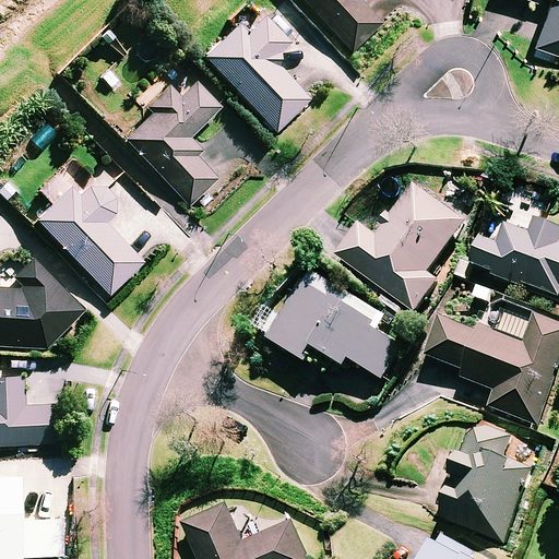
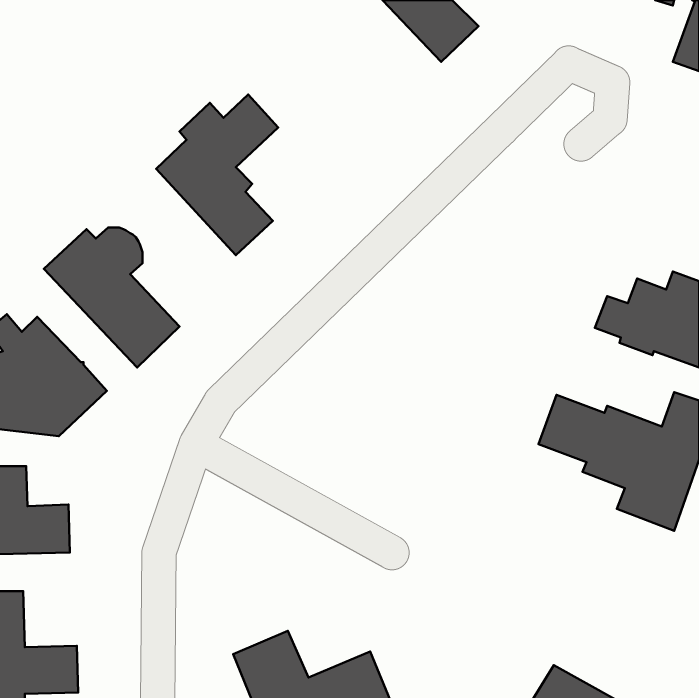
building: [203,14,309,131] -> none
building: [338,182,466,311] -> none
building: [270,270,405,378] -> none
building: [442,423,536,542] -> none

